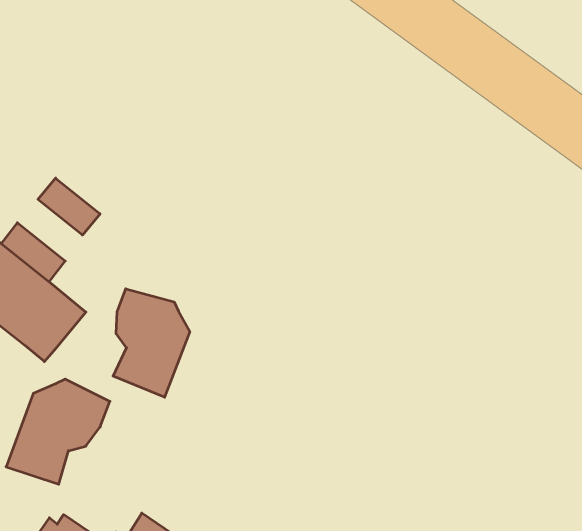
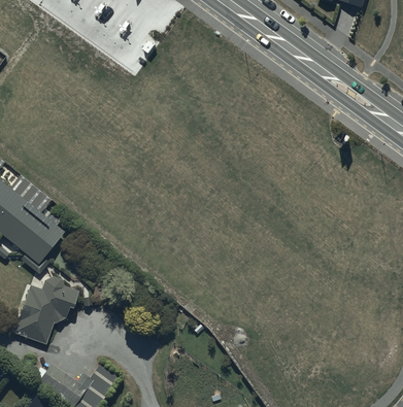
building: [38,178,100,235] -> none
building: [113,289,190,397] -> none

